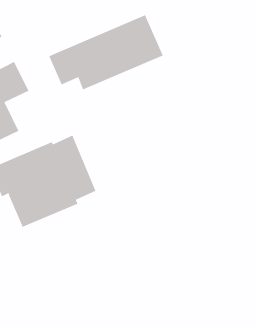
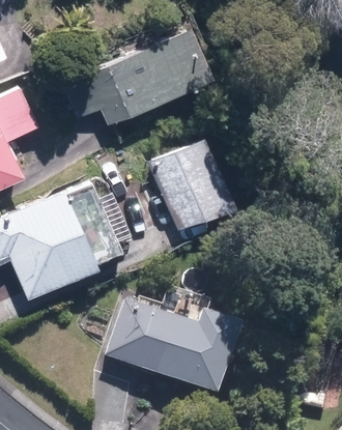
building: none -> [146,137,233,232]
building: none -> [103,303,229,392]

